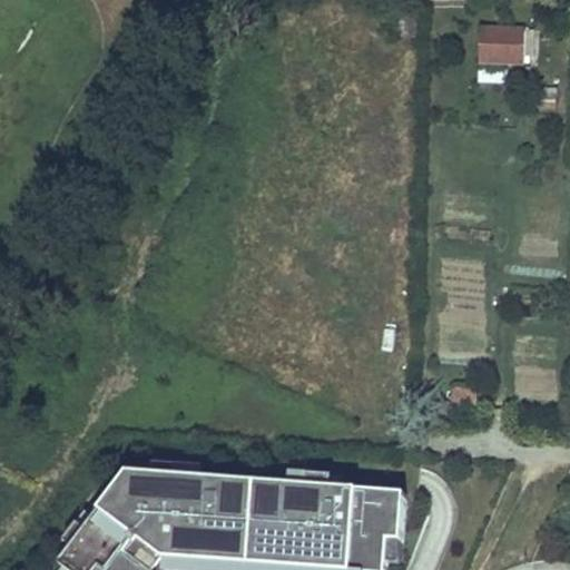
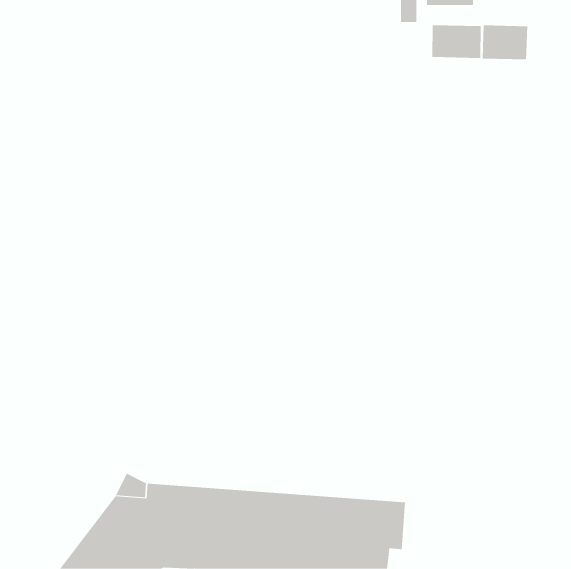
building: none -> [432,24,481,59]

